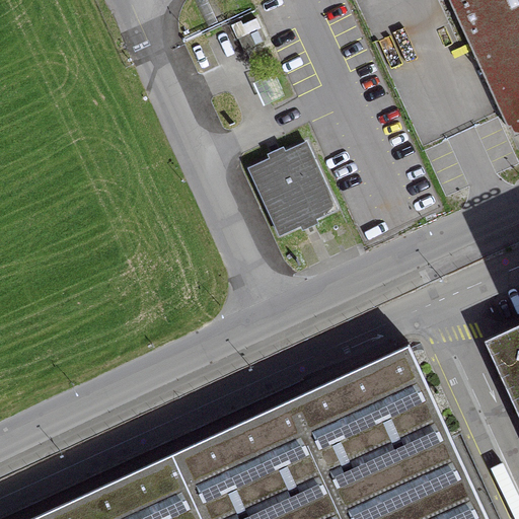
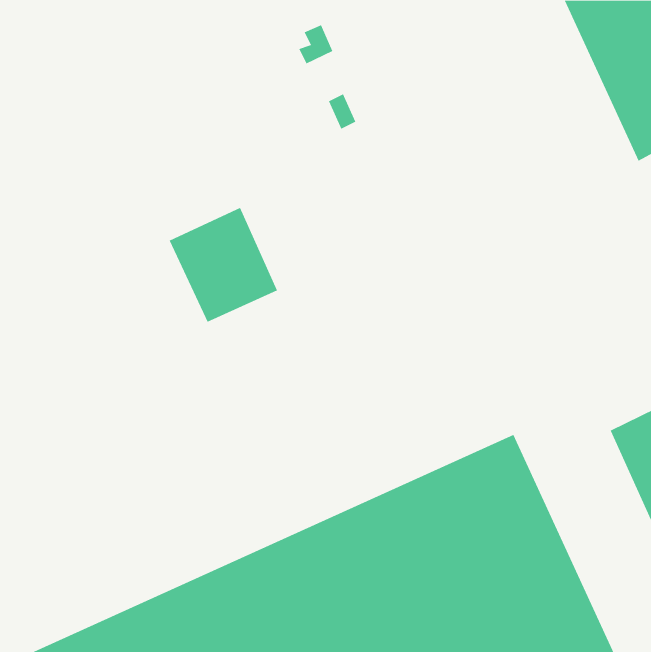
building: [250,145,337,236] -> [169,207,278,323]

